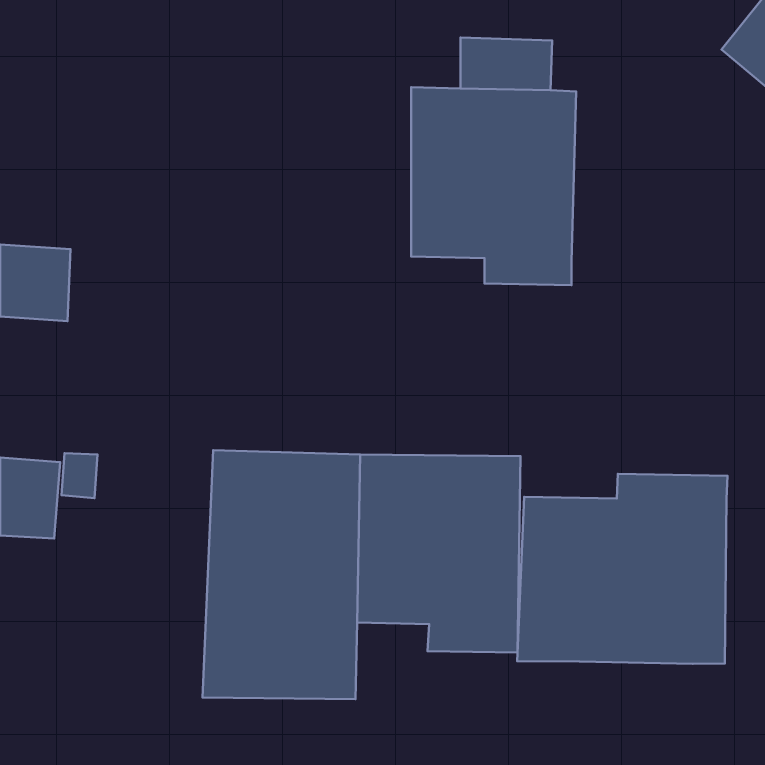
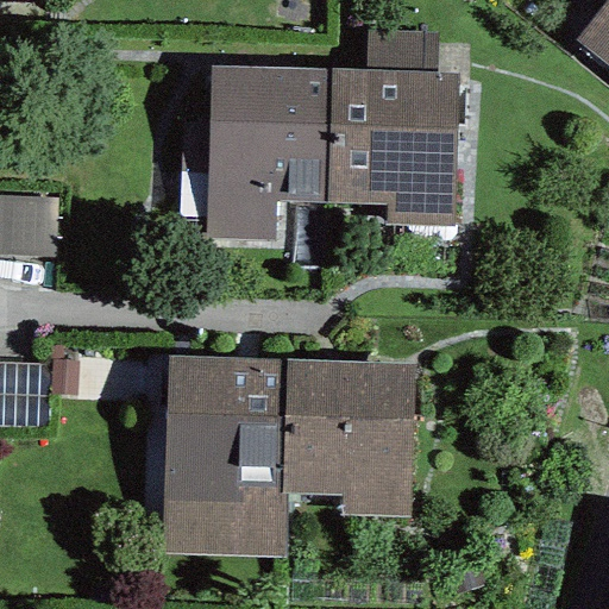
building: none -> [206,65,327,239]
building: [517,474,727,664] -> none

